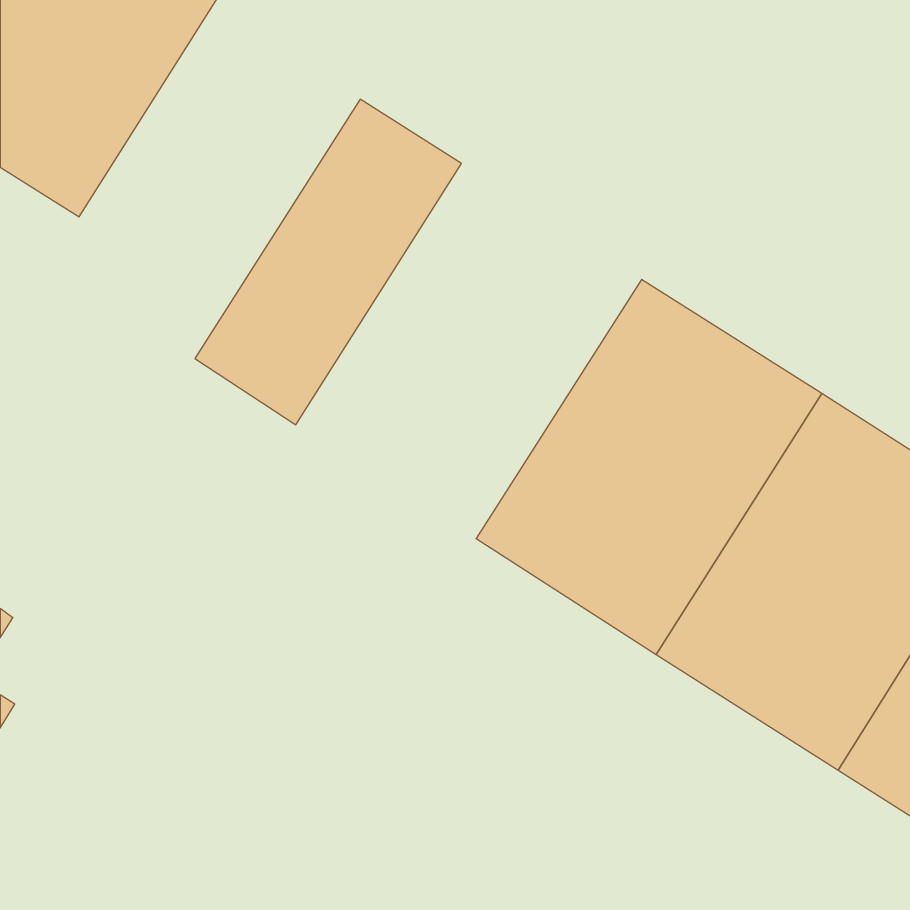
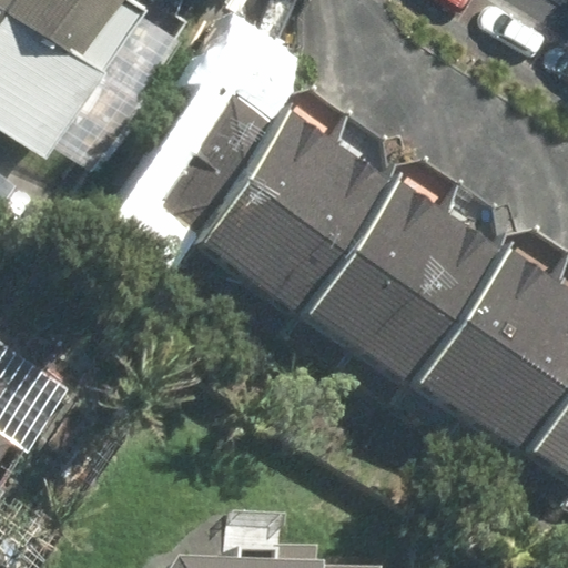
building: none -> [196,99,405,325]

